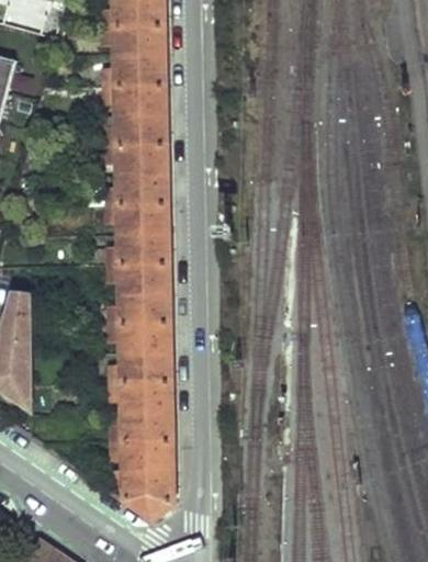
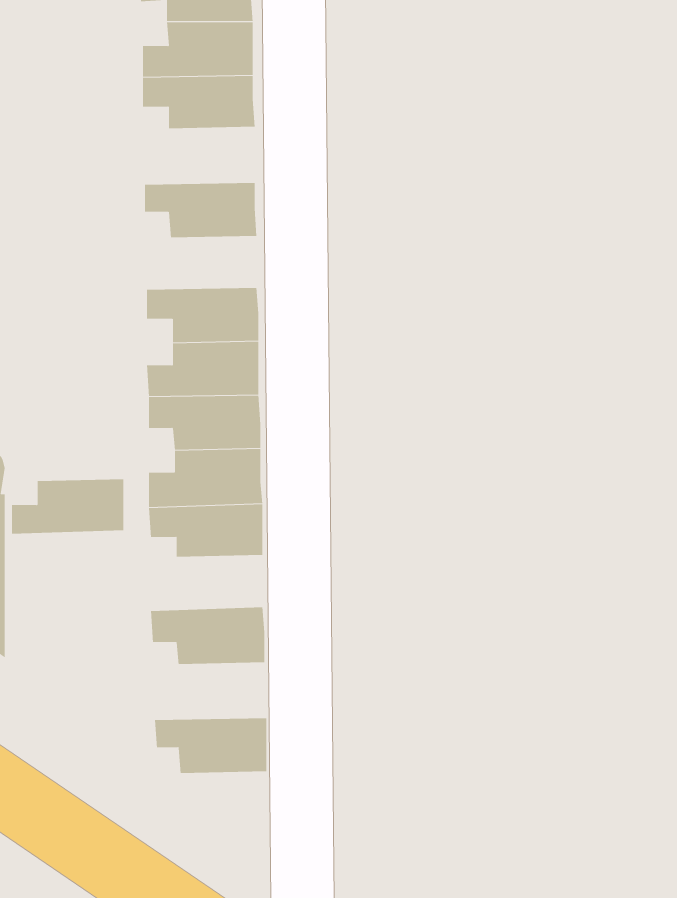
building: [104,114,167,146] -> none
building: [105,175,168,204] -> none
building: [109,351,171,382] -> [11,479,124,534]
building: [110,411,173,442] -> none
building: [111,471,173,519] -> none

